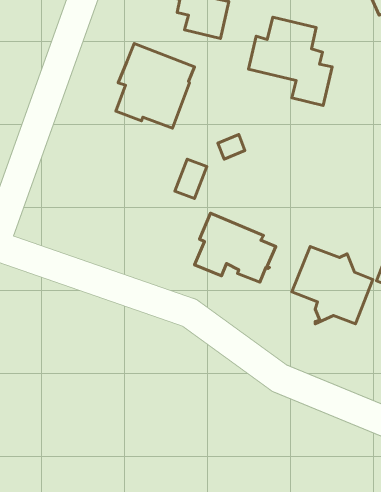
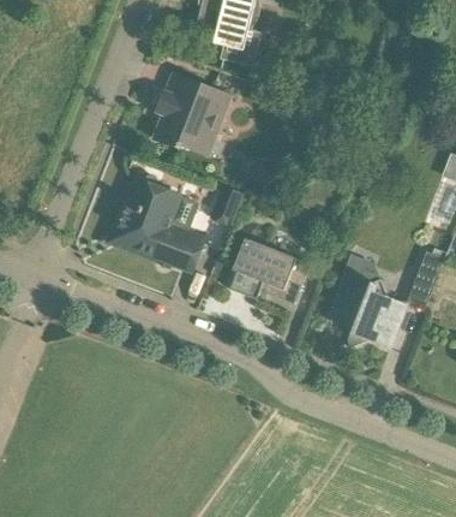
building: [248,17,332,105] -> none
building: none -> [108,173,205,271]

